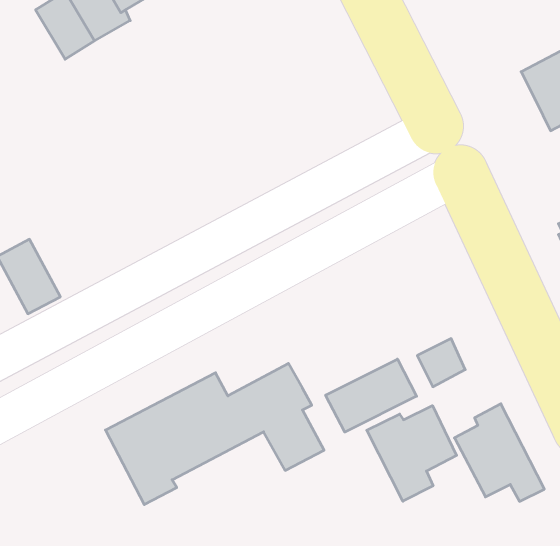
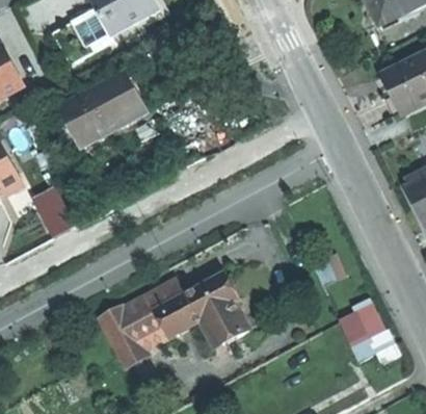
building: none -> [61,72,145,144]
building: [326,359,417,432] -> none
building: [367,406,457,501] -> none

